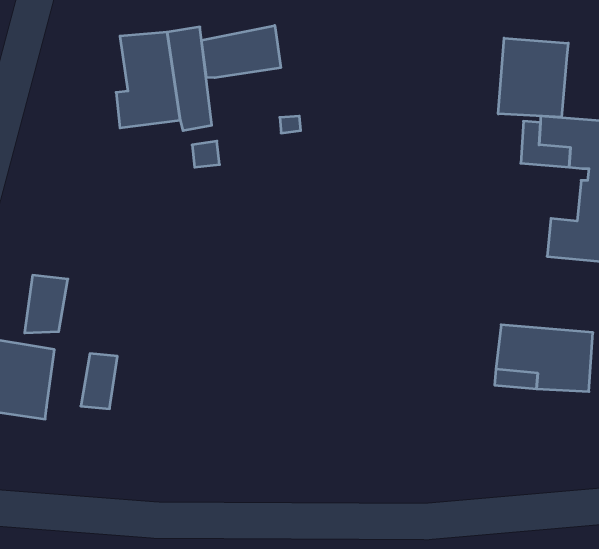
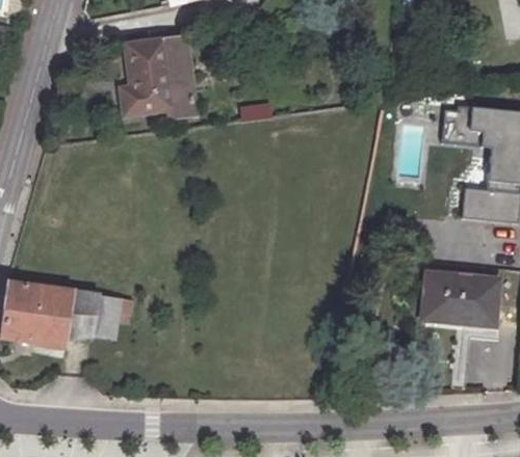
building: [201,25,281,78] -> none
building: [498,38,568,117] -> none
building: [25,275,68,333] -> [66,291,100,337]

